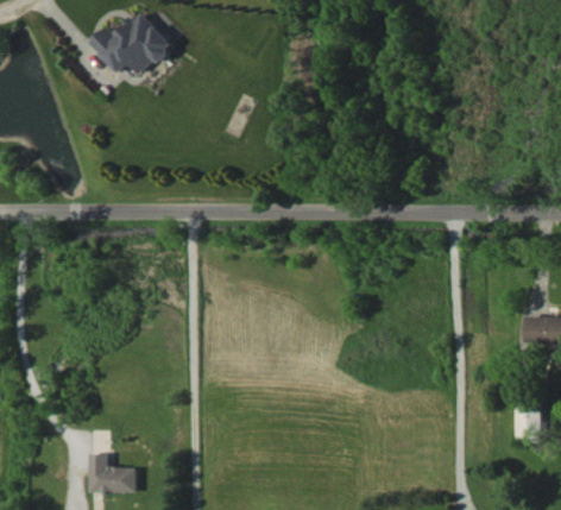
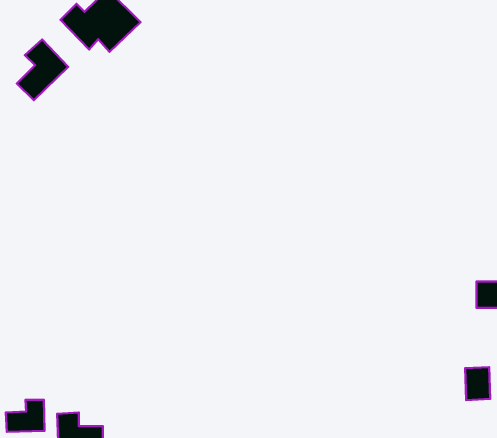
building: none -> [17,39,68,100]
building: none -> [6,400,45,432]

